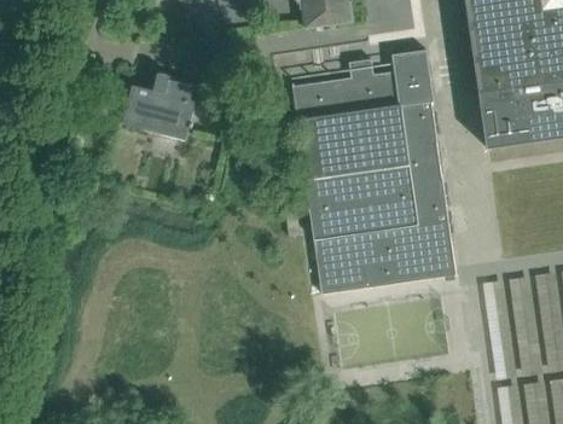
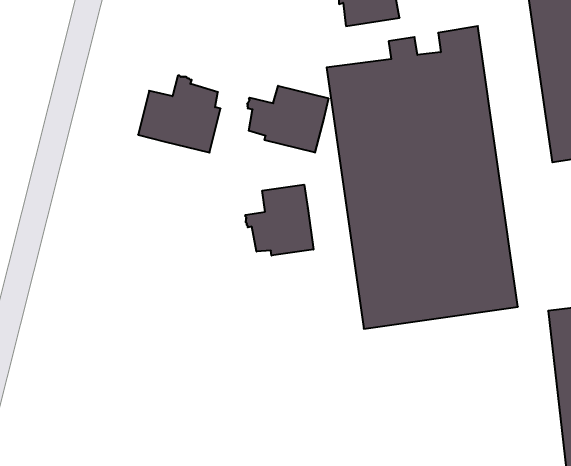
building: none -> [247,86,328,153]
building: none -> [245,185,313,256]

